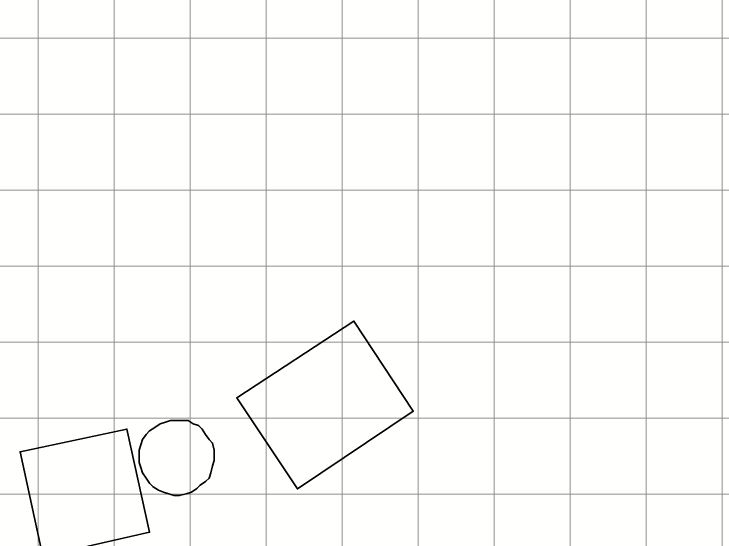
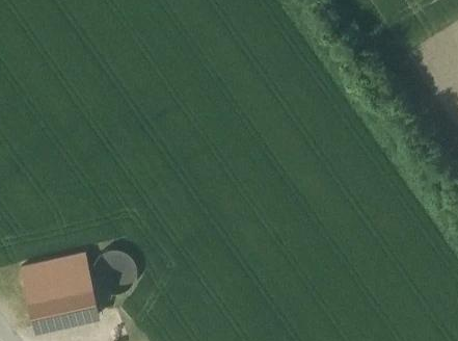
building: [237,321,413,489] -> none

